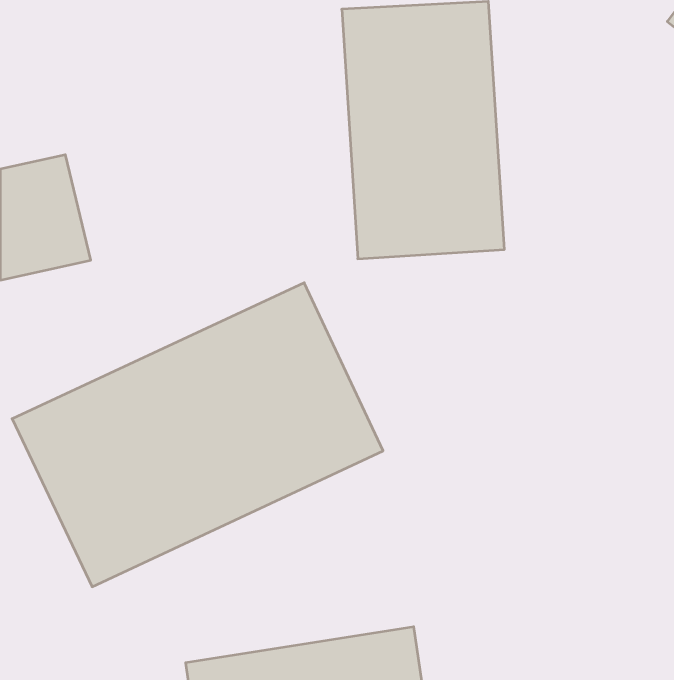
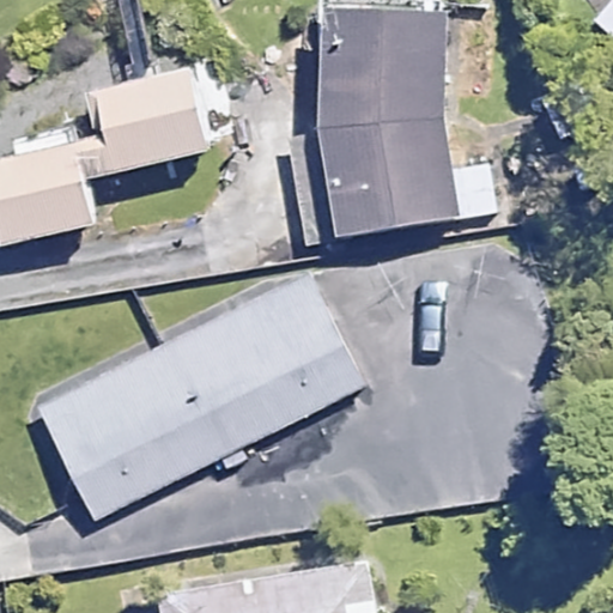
building: none -> [78,65,212,169]

